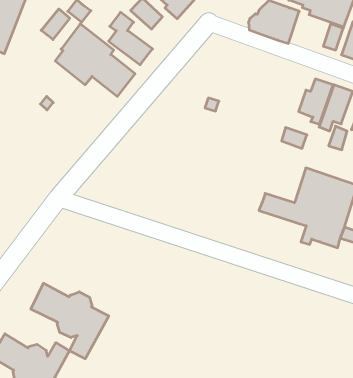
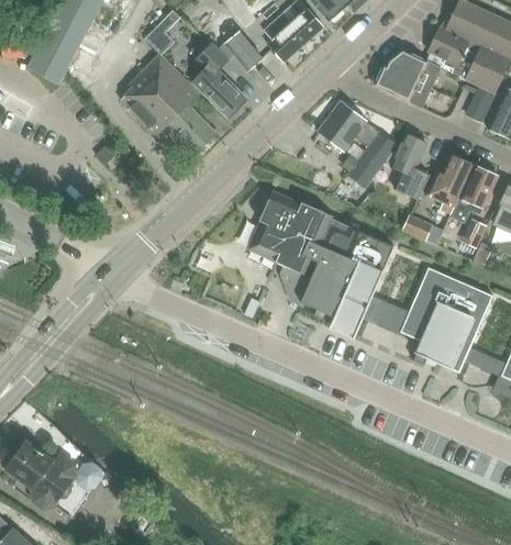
building: [41,9,70,40] -> none
building: none -> [322,102,398,187]
building: none -> [392,134,430,199]
building: none -> [252,192,395,333]
building: [31,283,109,359] -> none

